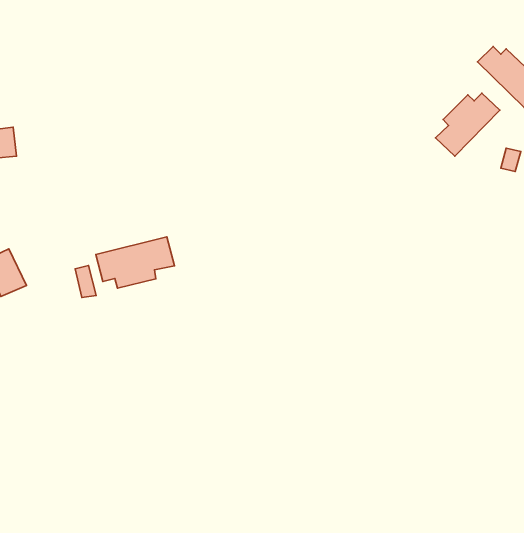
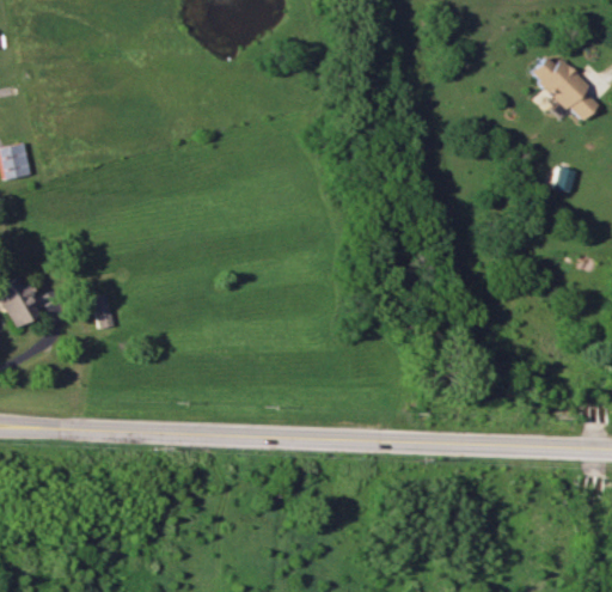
building: [436,93,500,156] -> none
building: [96,237,174,288] -> none

